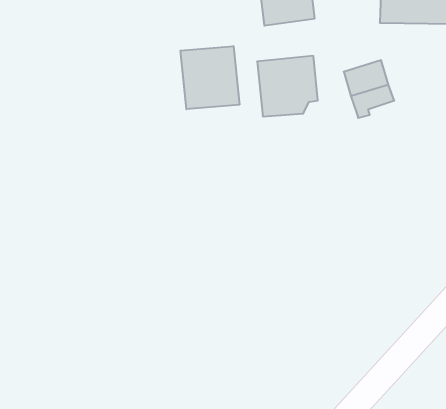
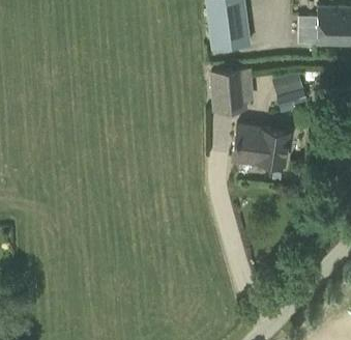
building: [180,46,239,109] -> none
building: none -> [232,124,287,166]

